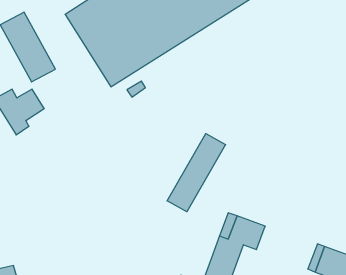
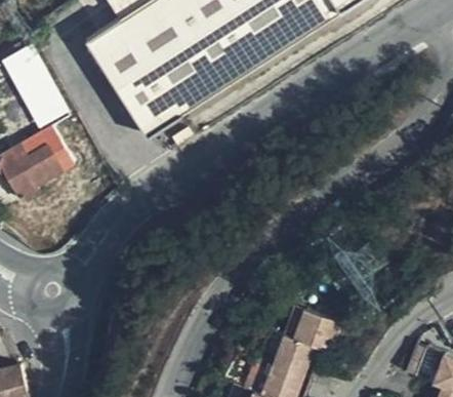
building: [167,134,226,212] -> none

